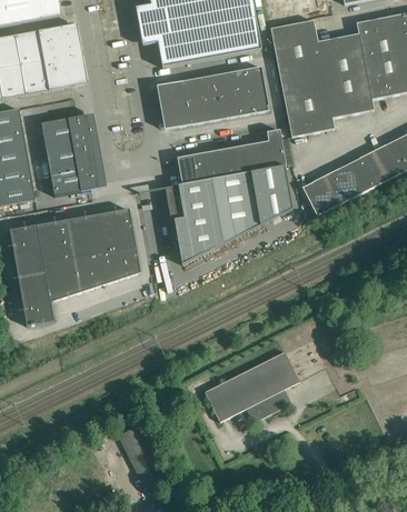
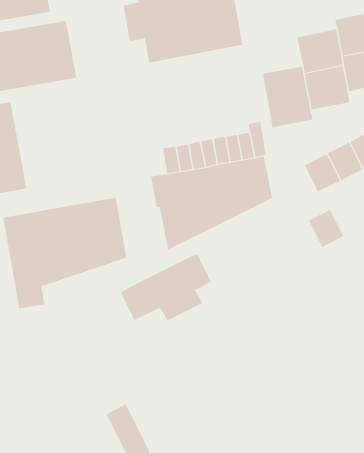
building: [271,19,324,79] -> none
building: [157,66,269,129] -> none
building: [41,112,107,195] -> none
building: [301,174,339,214] -> [308,210,344,248]
building: [205,350,300,421] -> [120,253,212,321]

